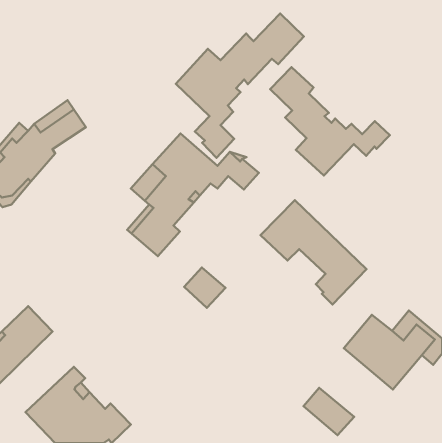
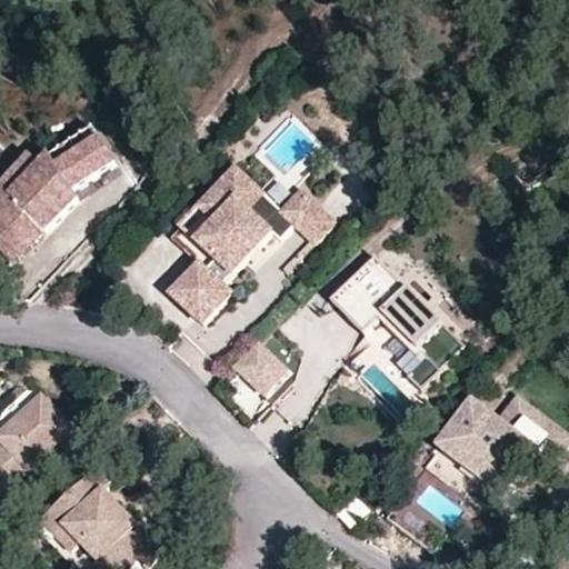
building: [176,14,304,158] -> none
building: [270,67,390,176] -> none

